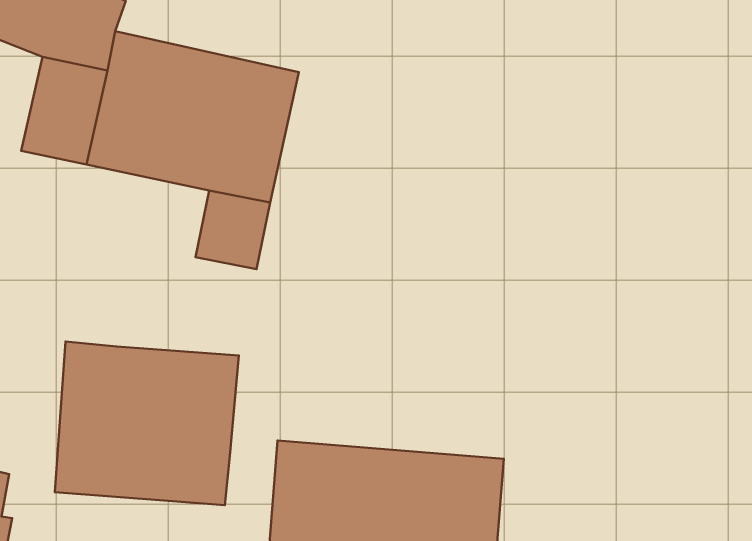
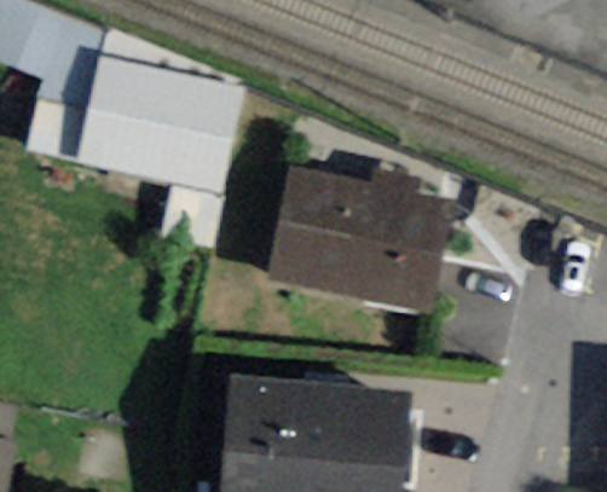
building: none -> [265,166,453,313]
building: [55,342,239,505] -> none

